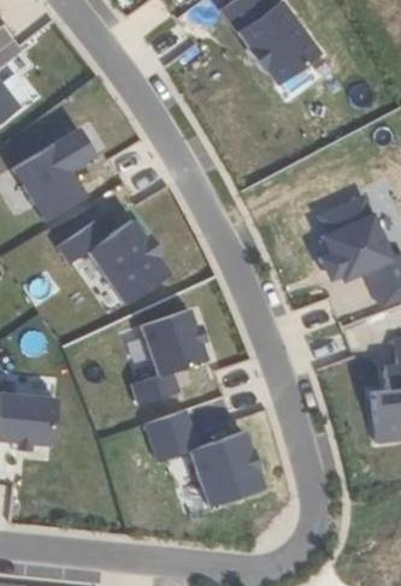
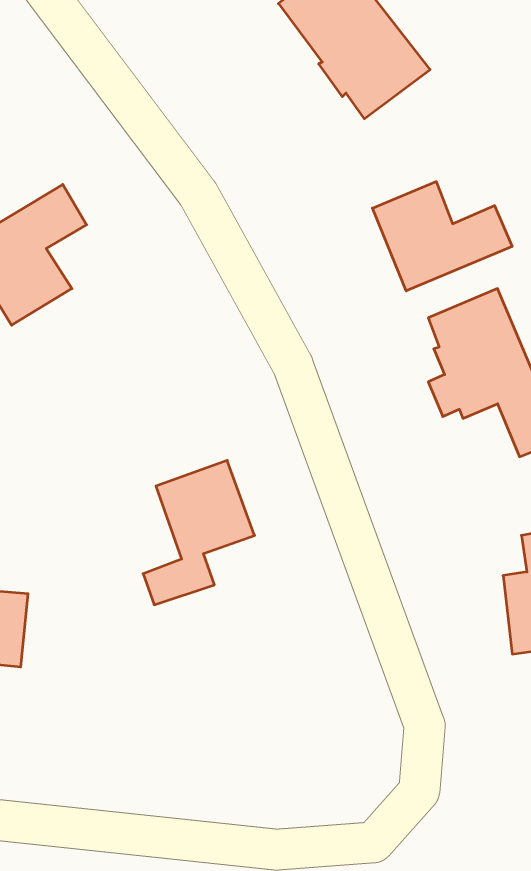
building: none -> [372,182,512,291]
building: [59,220,170,306] -> none
building: [147,409,264,505] -> none

